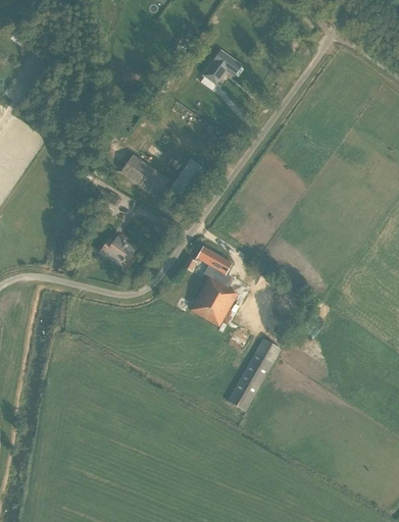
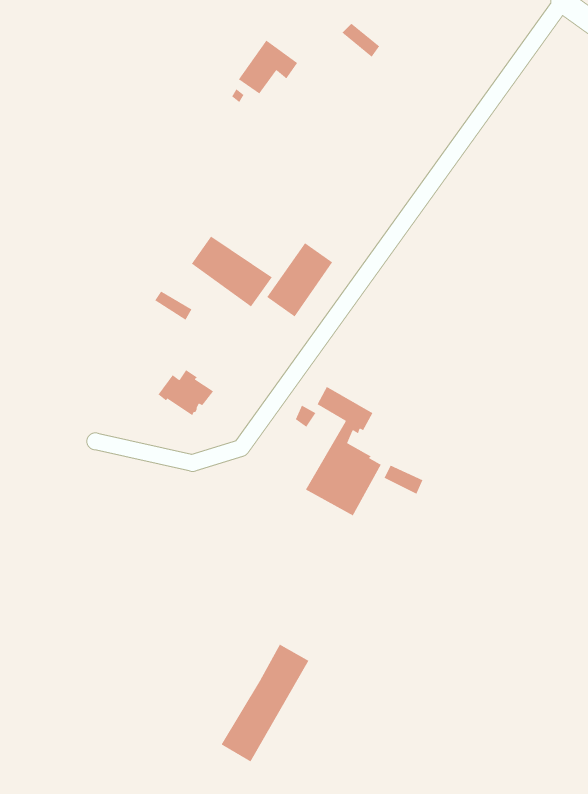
building: [202,50,239,84] -> [238,39,298,95]
building: [227,337,281,410] -> [221,644,310,762]

